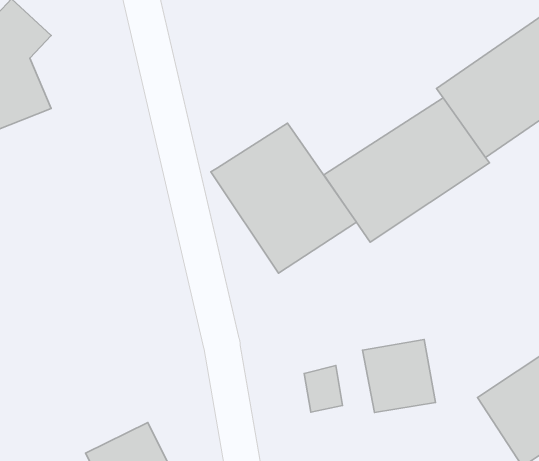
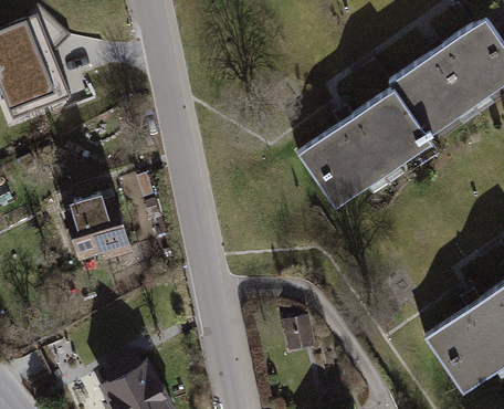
building: [211,123,356,273] -> none
building: none -> [64,195,135,262]
building: [362,340,436,413] -> none

